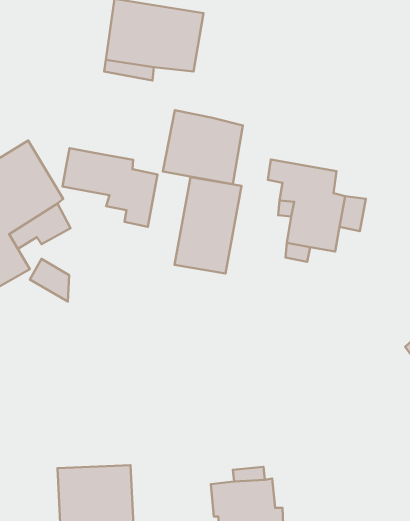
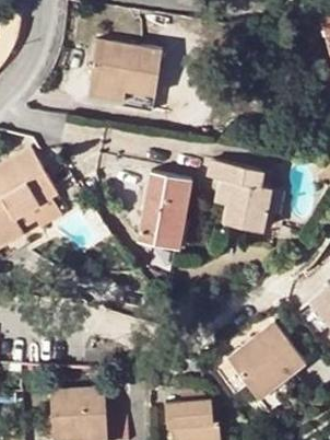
building: [163,110,243,184] -> none
building: [63,148,157,227] -> none
building: none -> [228,322,307,398]

